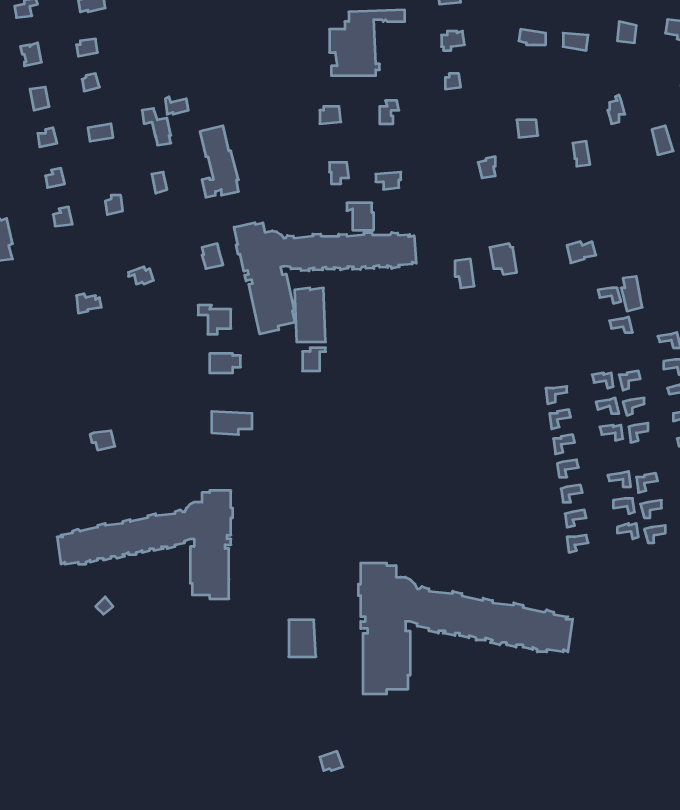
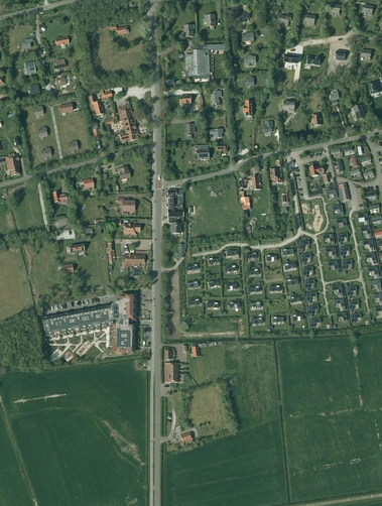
building: [234,223,416,334] -> none
building: [358,563,573,694] -> none

